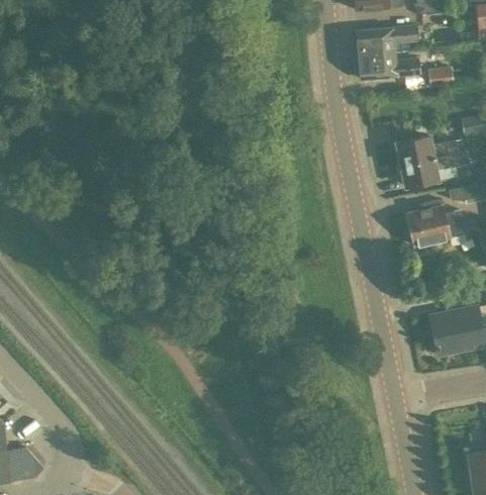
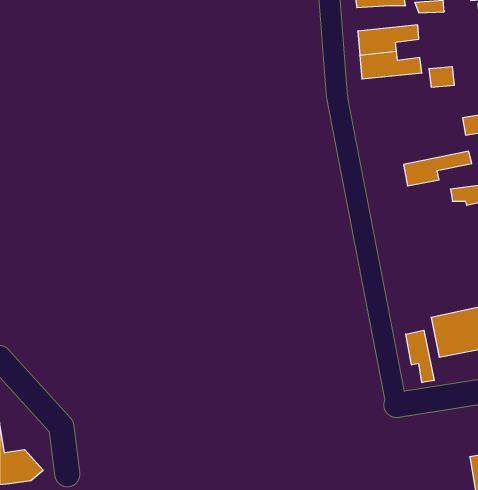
building: [396,134,466,164] -> none
building: [405,198,465,245] -> none
building: none -> [406,330,434,383]

